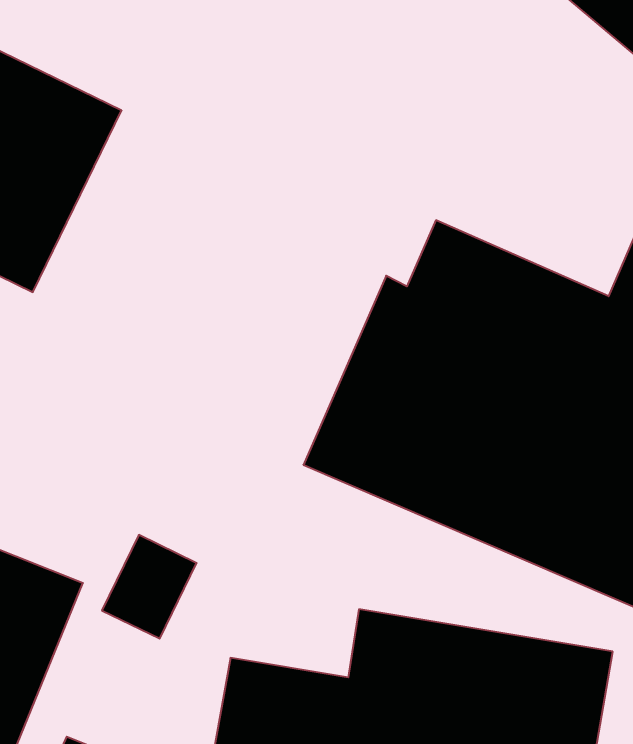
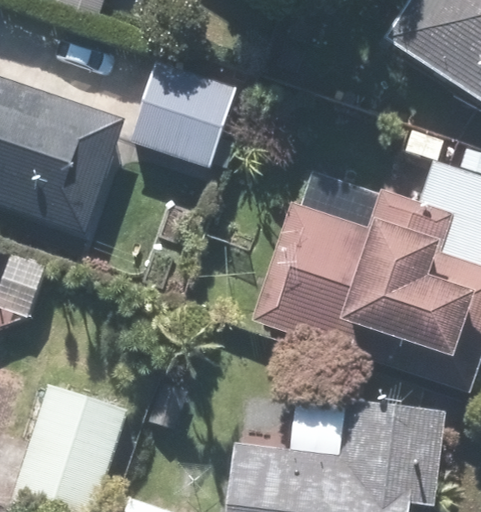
building: none -> [131,58,242,170]

